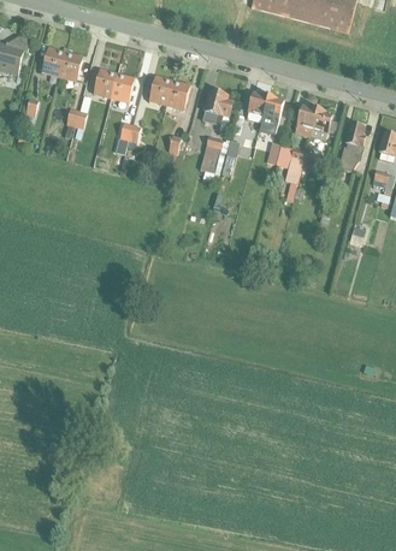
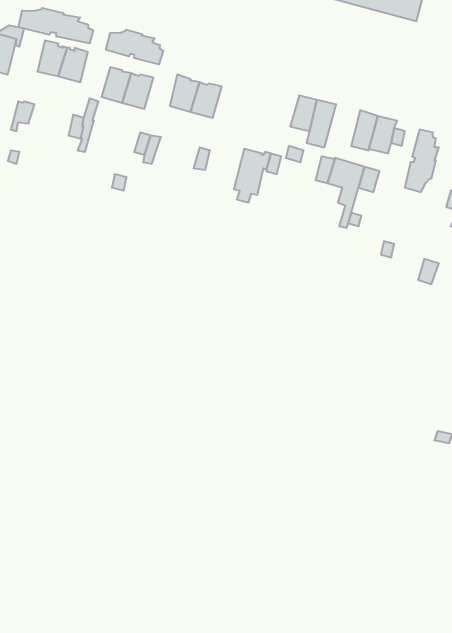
building: none -> [18,8,93,44]
building: none -> [106,30,163,64]
building: [201,89,232,130] -> none

